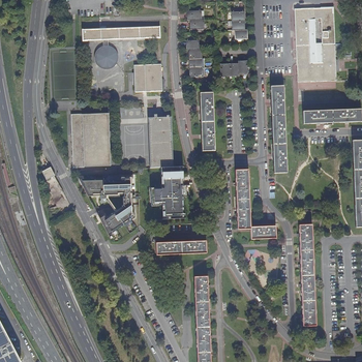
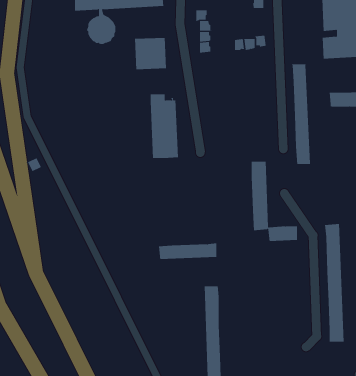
building: [199,92,214,151] -> none
building: [70,113,110,168] -> none
building: [151,169,188,218] -> none
building: [80,177,133,235] -> none

